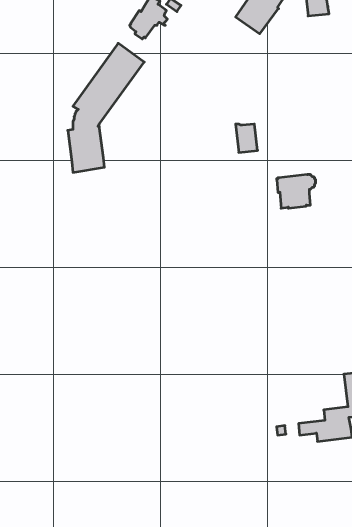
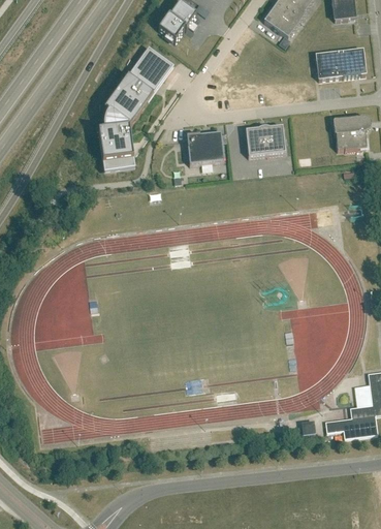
building: none -> [315,49,366,77]
building: none -> [245,125,266,155]
building: none -> [187,131,223,163]
building: [277,175,316,208] -> [332,116,371,149]

